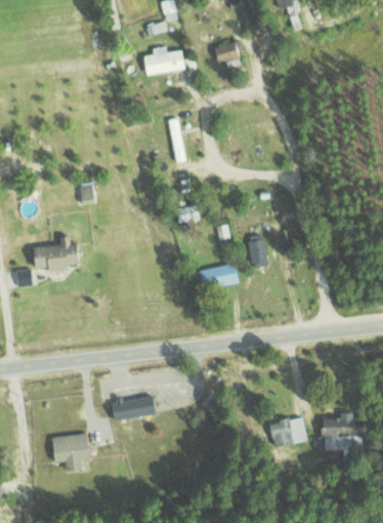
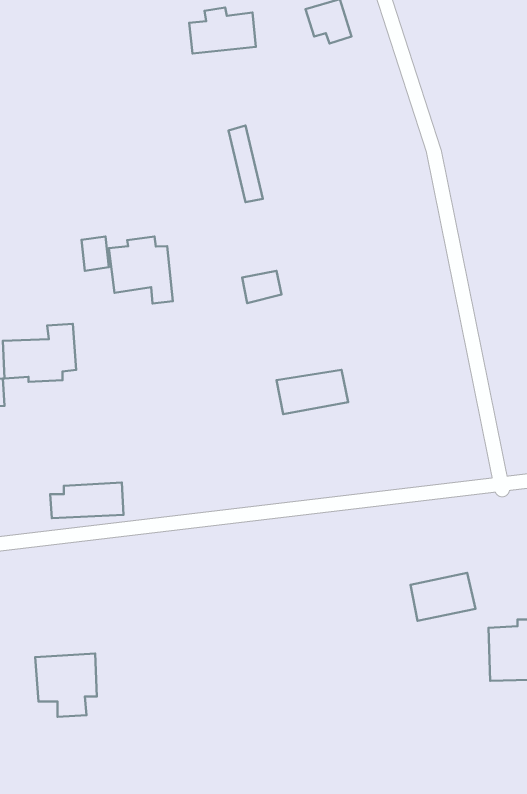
building: none -> [109,236,173,304]
building: [249,235,266,264] -> none
building: [111,397,155,418] -> [50,482,124,518]
building: [268,416,307,445] -> [411,573,476,621]

